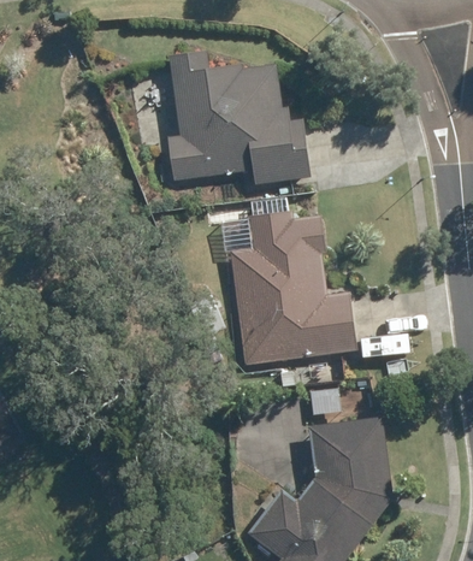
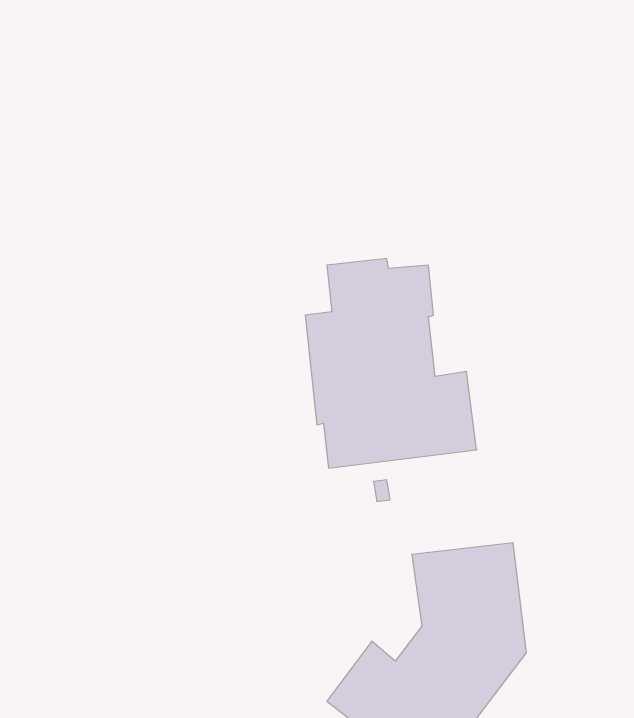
building: [168,53,307,183] -> none

